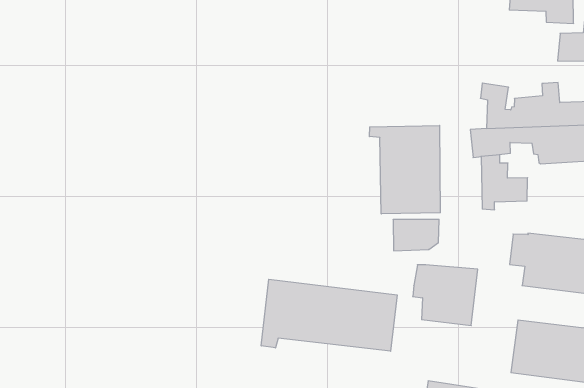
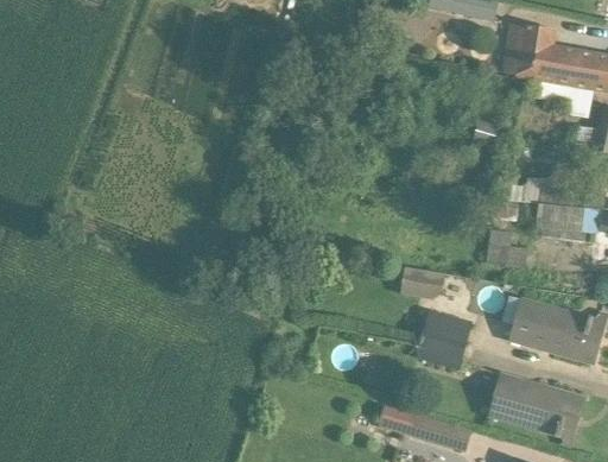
building: [369,125,440,214] -> none
building: [261,279,397,351] -> none

